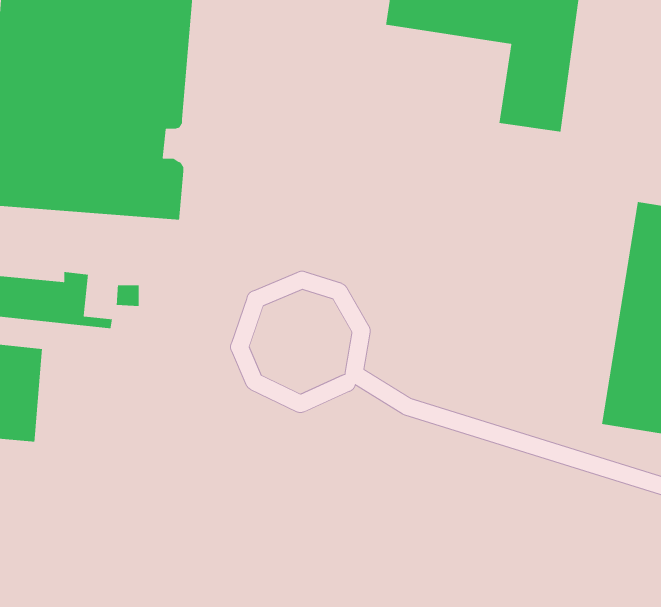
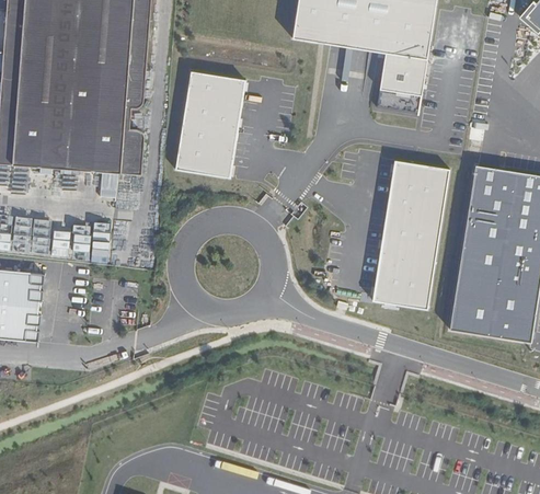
building: none -> [173,70,243,175]
building: none -> [371,159,450,308]

